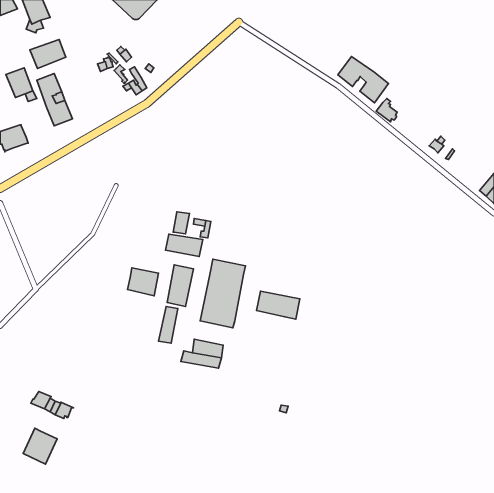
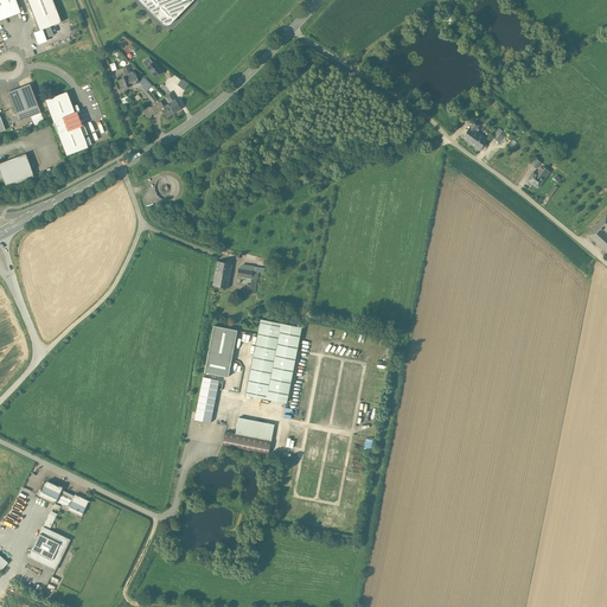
building: [30,39,66,68] -> none
building: [338,57,388,103] -> none
building: [166,234,203,257] -> none
building: [127,268,159,296] -> none
building: [257,291,300,319] -> none

